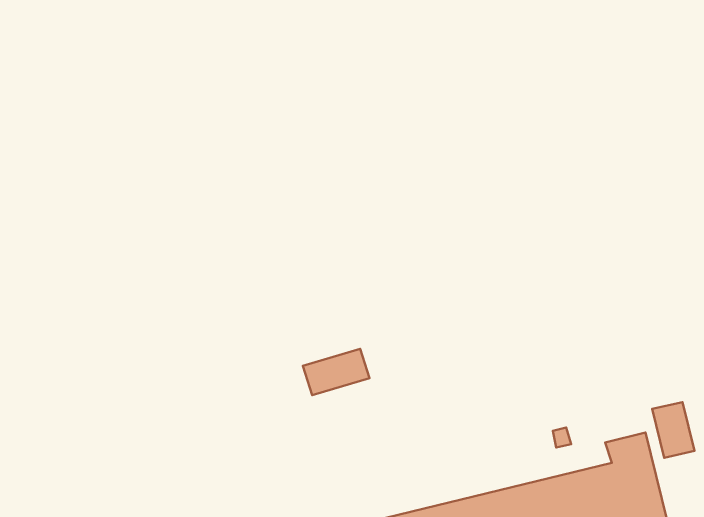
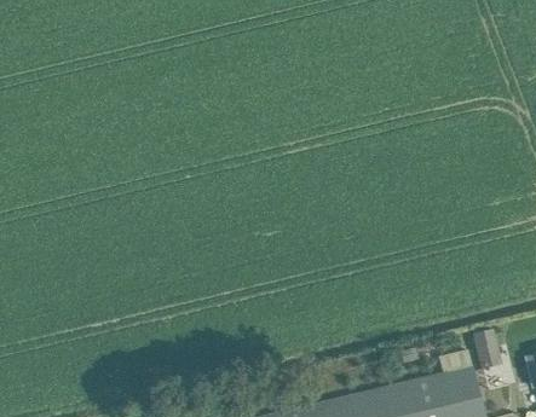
building: [303,349,370,395] -> none

